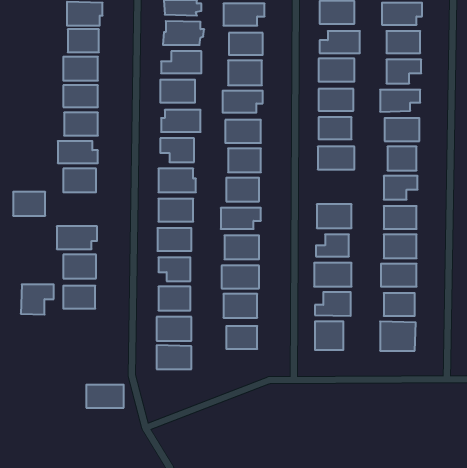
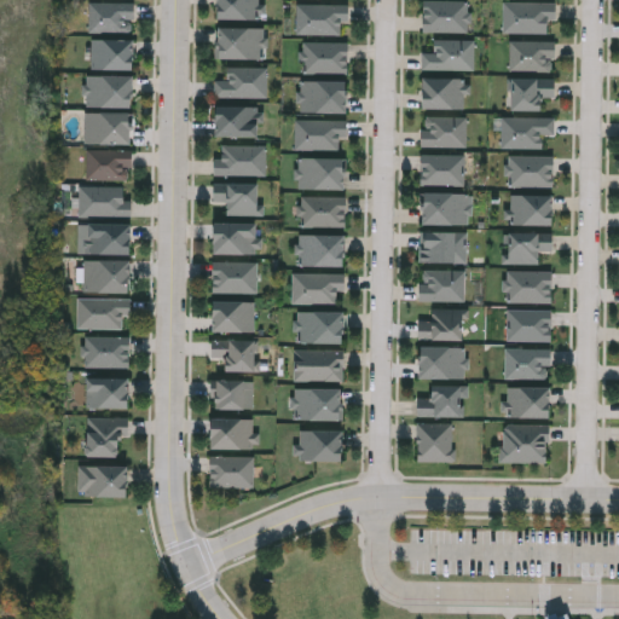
building: none -> [421,231,467,262]
building: [13,192,45,216] -> [83,260,126,291]
building: [21,284,54,315] -> [85,417,128,457]
building: [86,385,124,408] -> [77,465,127,496]

